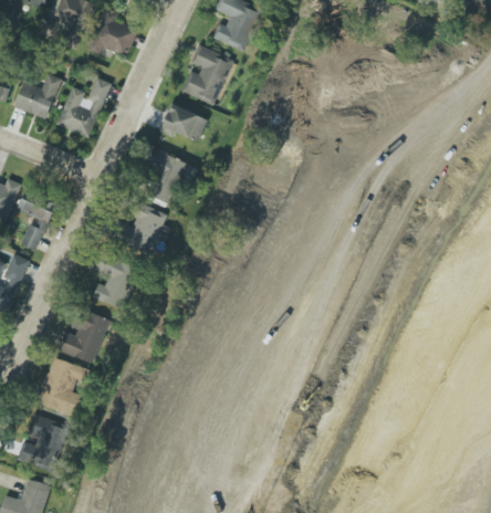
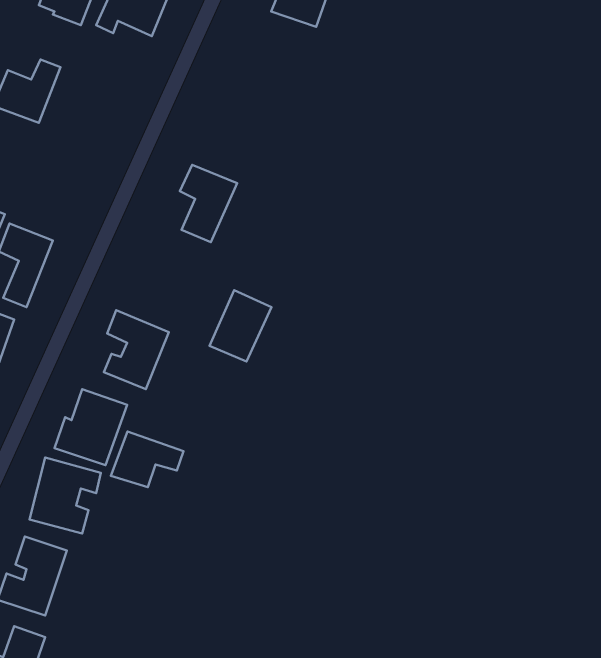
building: [181,44,233,104] -> none
building: [56,76,112,137] -> none
building: [161,104,208,140] -> none
building: [124,202,168,253] -> [209,290,271,361]
building: none -> [111,431,184,487]

